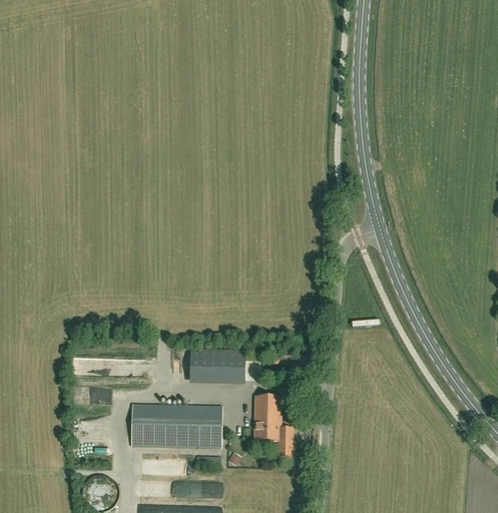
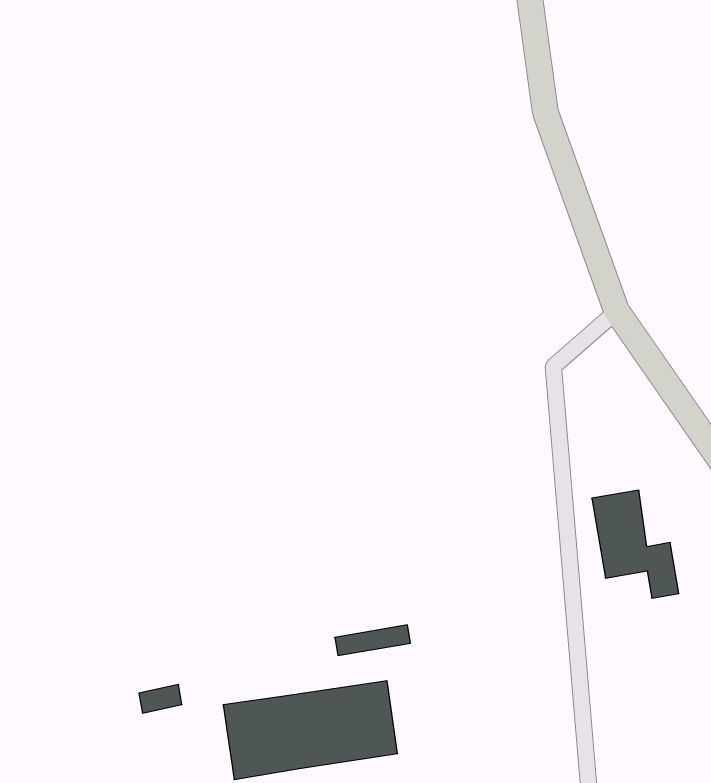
building: [196,359,235,378] -> none
building: [255,396,293,455] -> [592,490,679,598]

